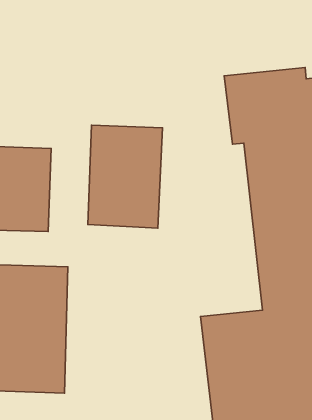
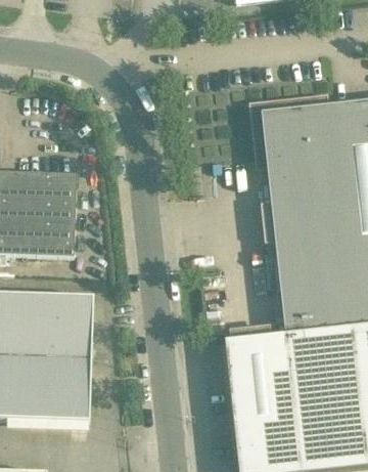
building: [88,125,162,228] -> none

